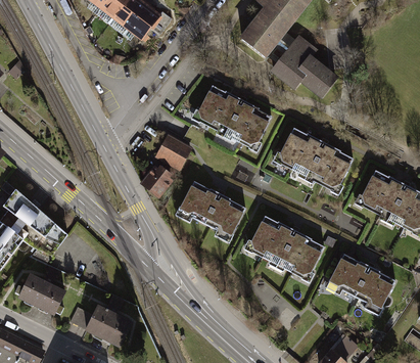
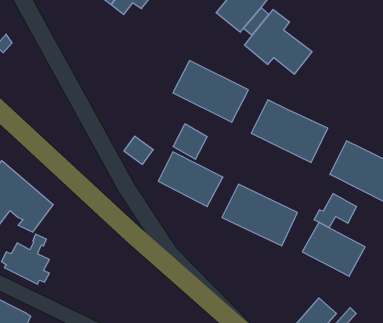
building: [154,139,190,176] -> [173,124,207,159]
building: none -> [314,194,357,227]
building: [71,296,132,349] -> none

